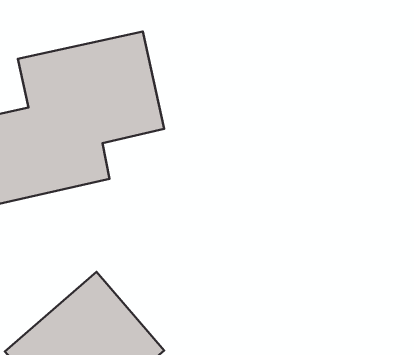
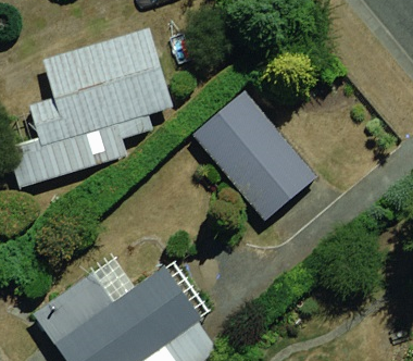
building: none -> [193,94,313,220]

